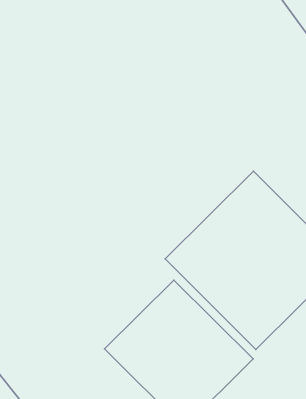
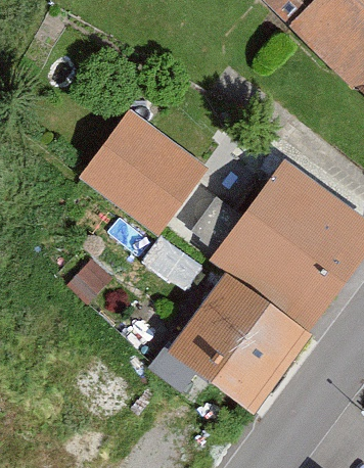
building: none -> [82,118,201,231]

